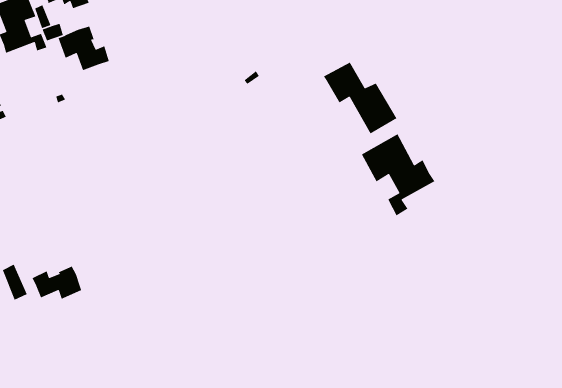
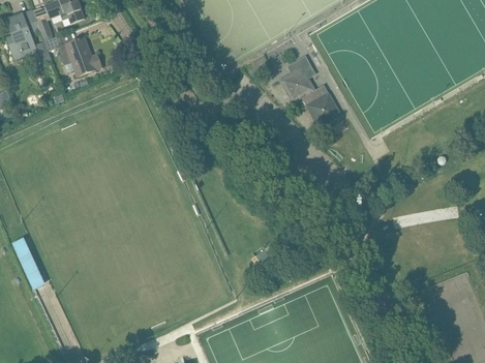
building: [361,133,436,216] -> none
building: [31,265,82,300] -> none

